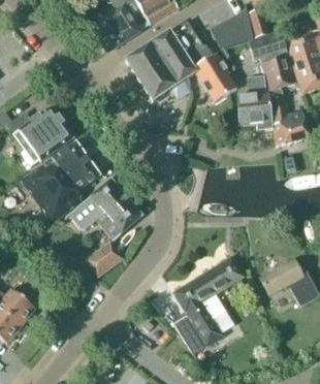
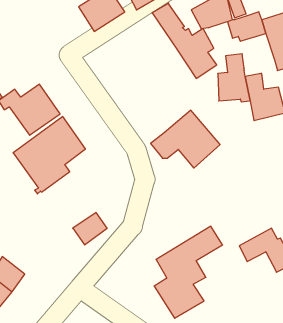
building: [125,31,195,100] -> none
building: [261,54,297,99] -> none
building: [67,179,140,239] -> [151,110,220,168]

